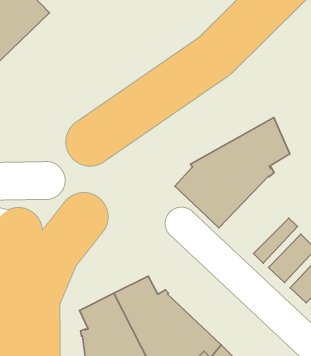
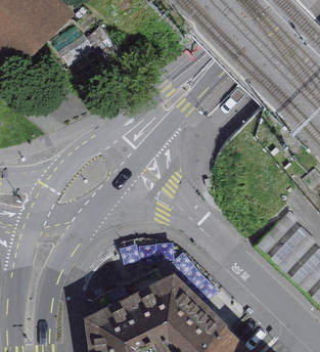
building: [175,118,290,228] -> none

